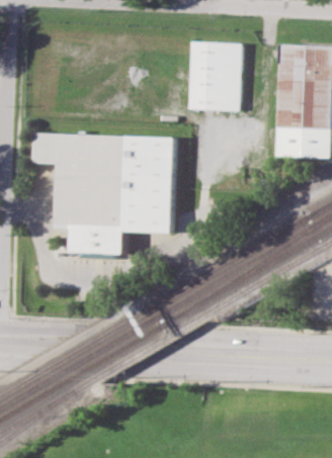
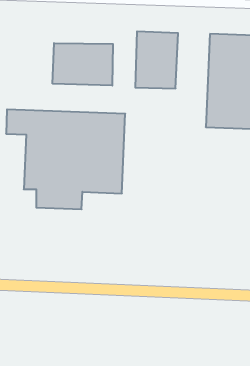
building: none -> [53,43,113,86]

